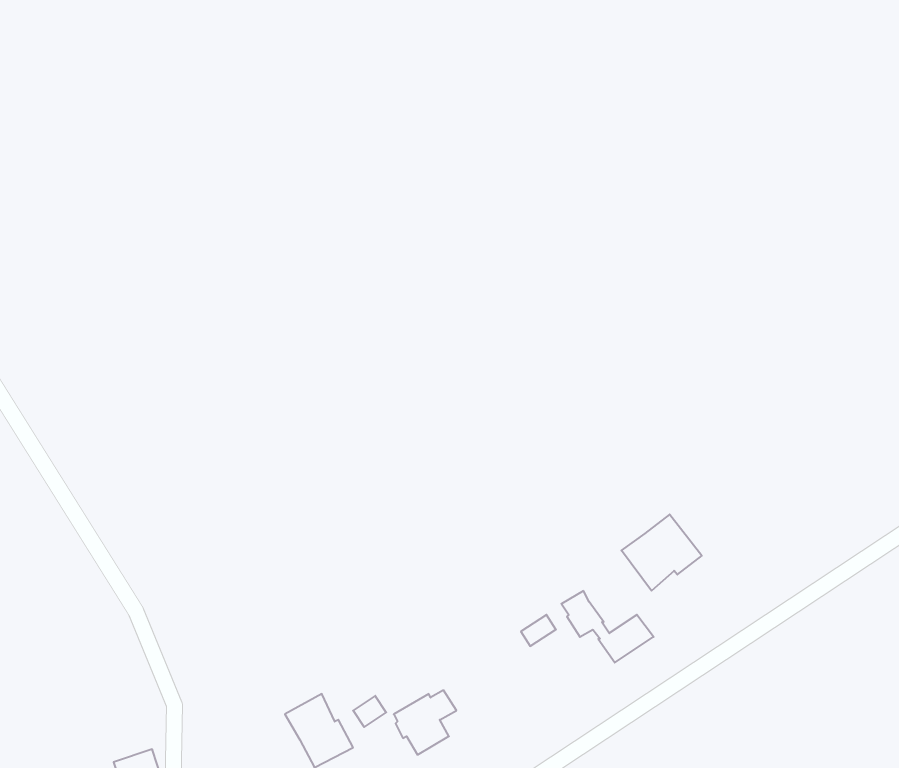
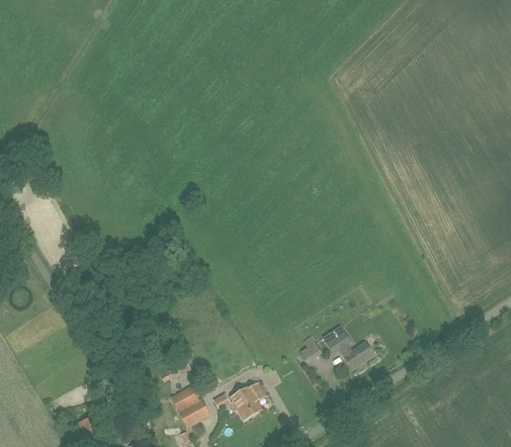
building: [621,514,702,591] -> none

